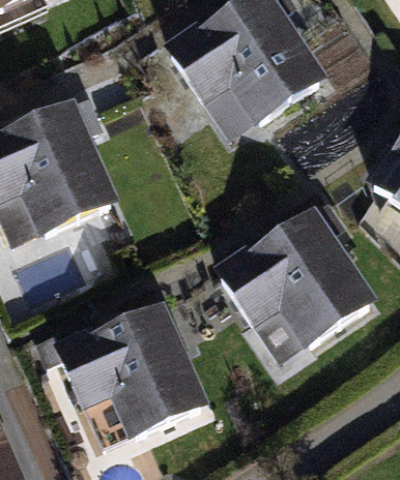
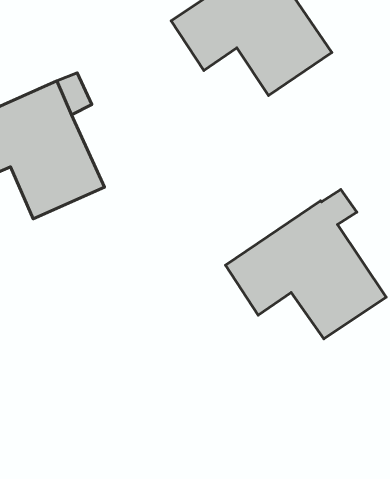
building: [39,308,201,448] -> none

